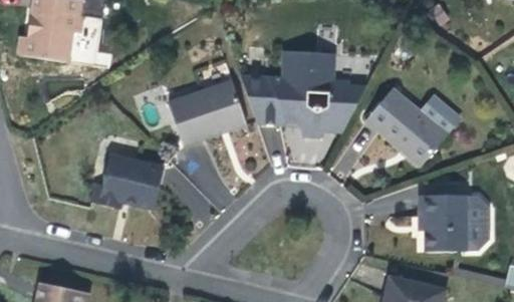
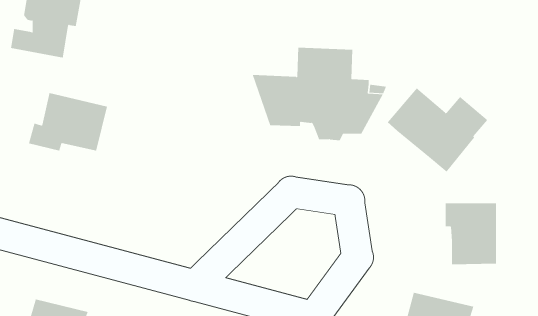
building: [168,80,246,144] -> none
building: [90,154,164,208] -> [28,92,108,151]
building: [467,196,489,248] -> none

